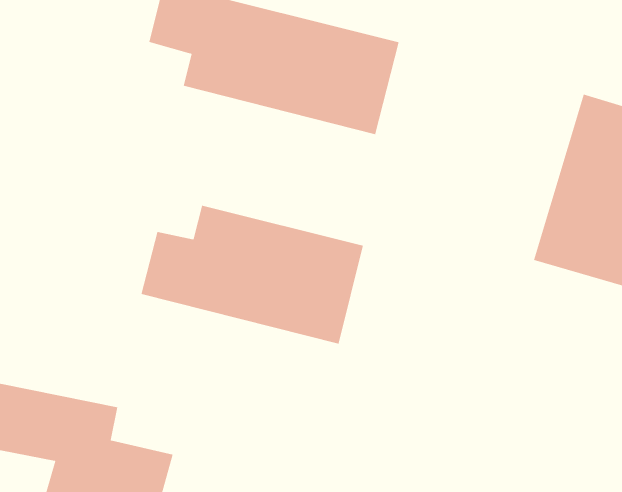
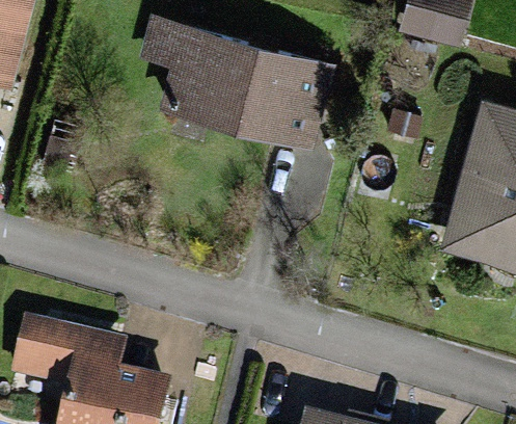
building: [141,205,363,344] -> none

